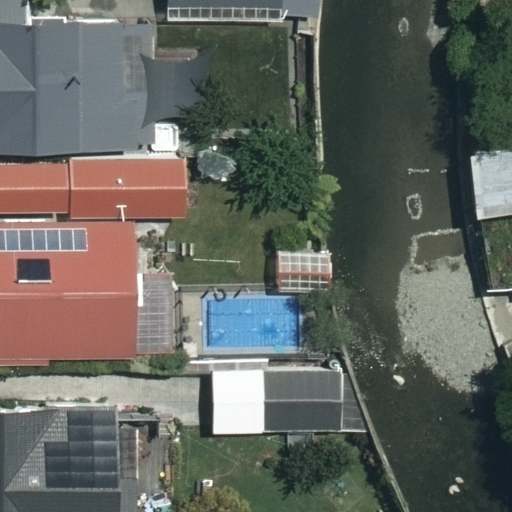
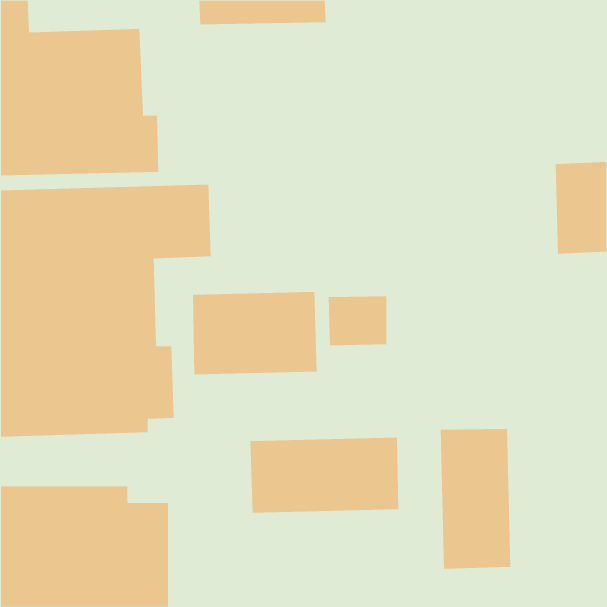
building: none -> [192,291,317,375]
building: none -> [440,428,511,570]

